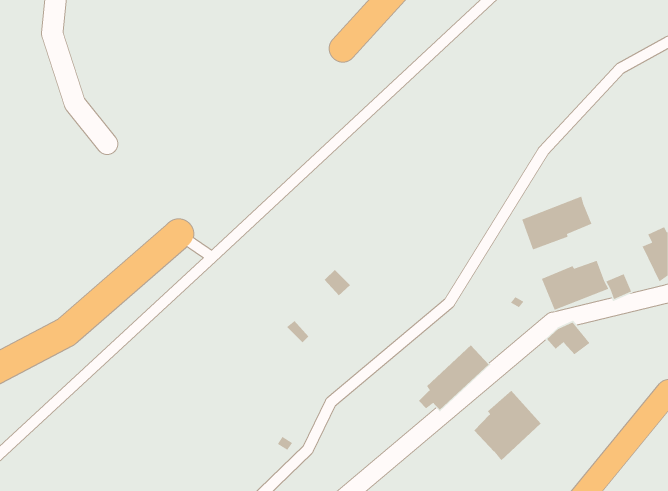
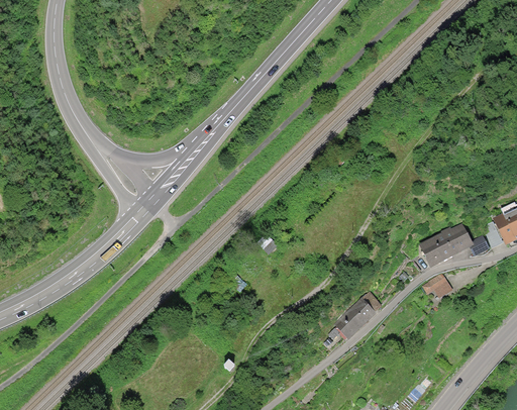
building: [521,195,593,251] -> none
building: [473,390,542,461] -> none

